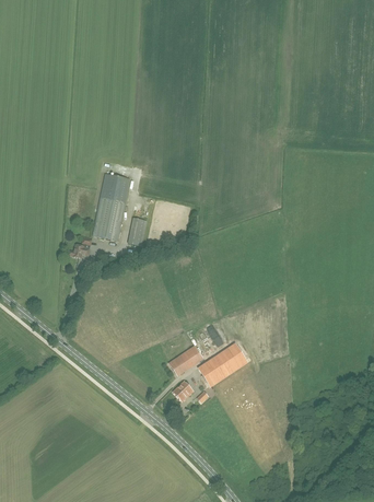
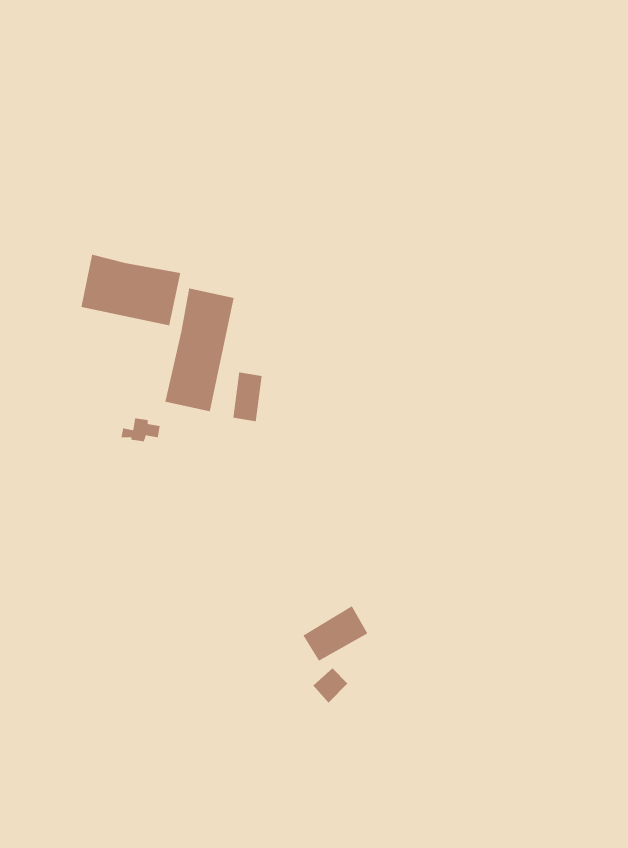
building: none -> [81,254,181,326]
building: [198,343,247,386] -> none

